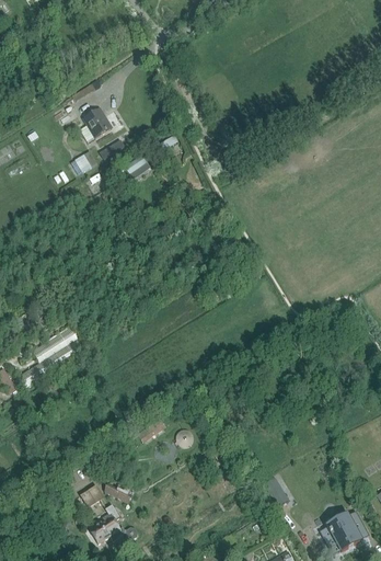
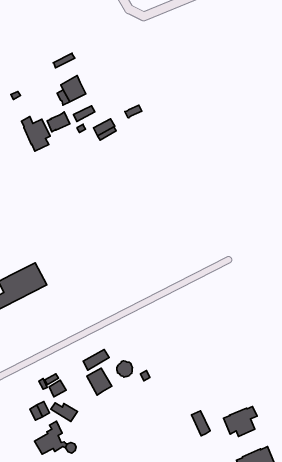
building: none -> [21,117,50,151]
building: none -> [87,368,112,395]
building: none -> [223,406,257,437]

